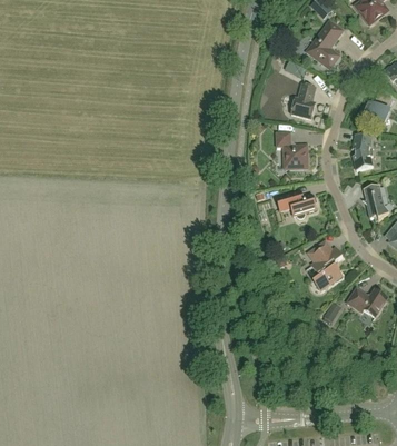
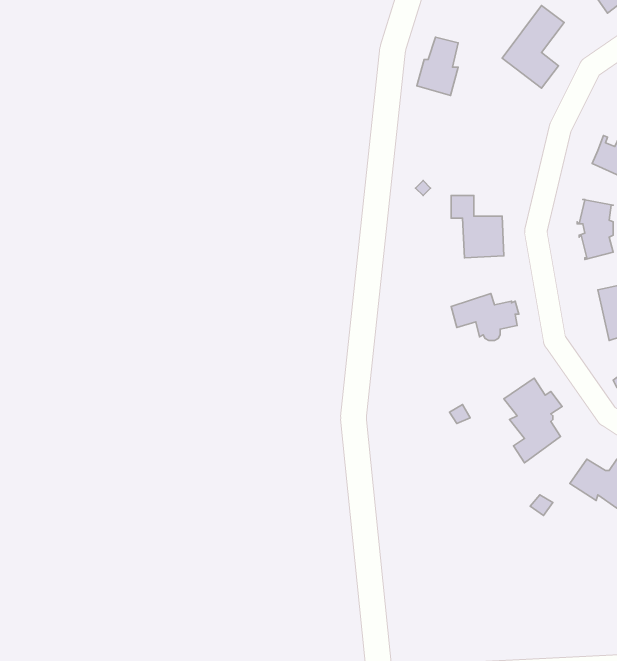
building: [291,85,316,119] -> [417,37,458,95]

